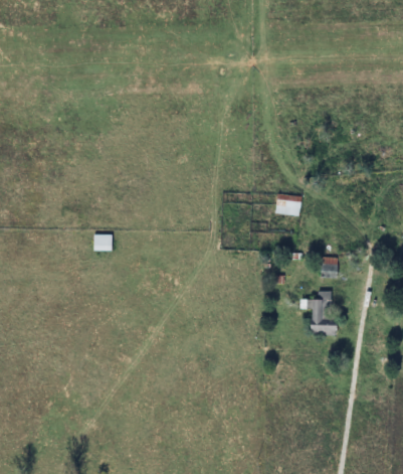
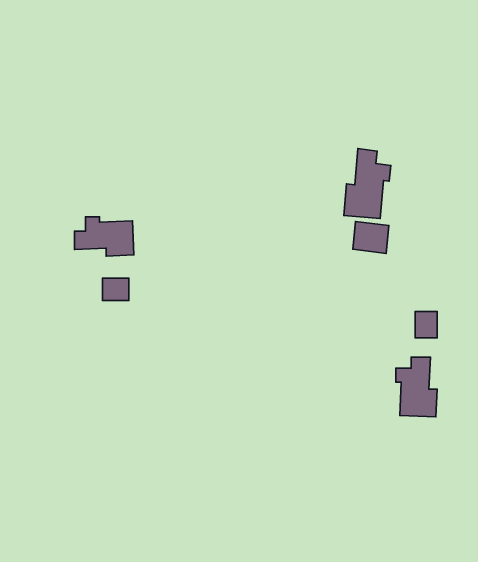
building: none -> [344,149,391,218]
building: none -> [75,217,134,256]

